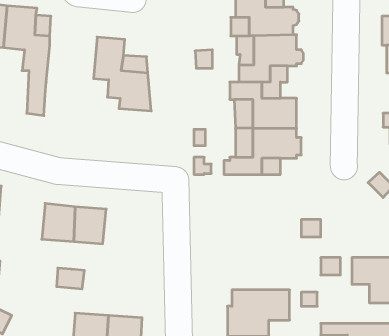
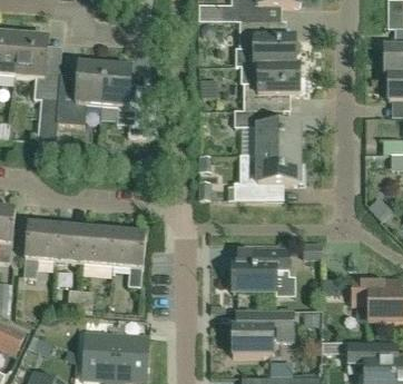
building: none -> [56,63,106,124]
building: none -> [21,224,56,276]
building: none -> [111,232,145,286]
building: none -> [232,247,295,295]

